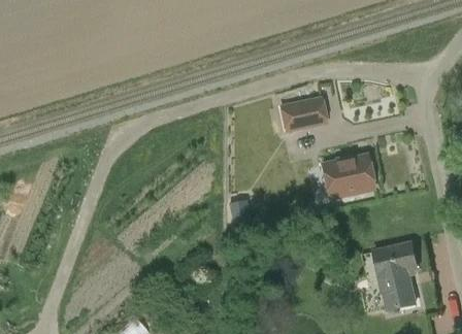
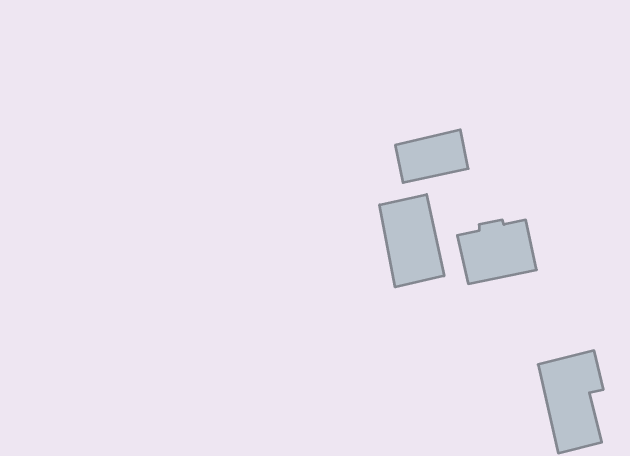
building: none -> [380,194,444,287]

